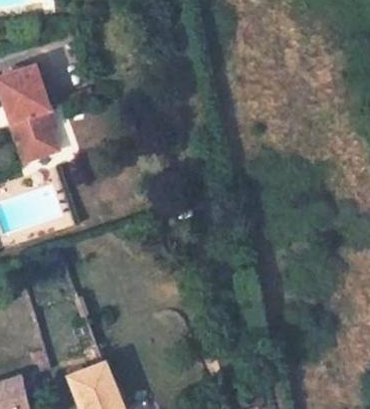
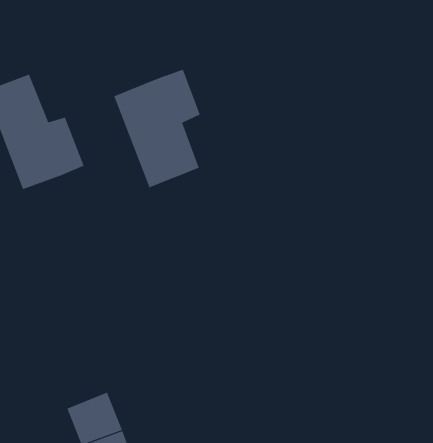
building: none -> [113,69,201,188]

